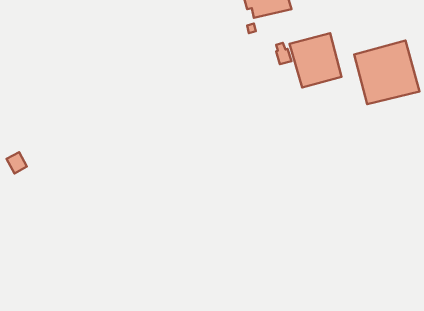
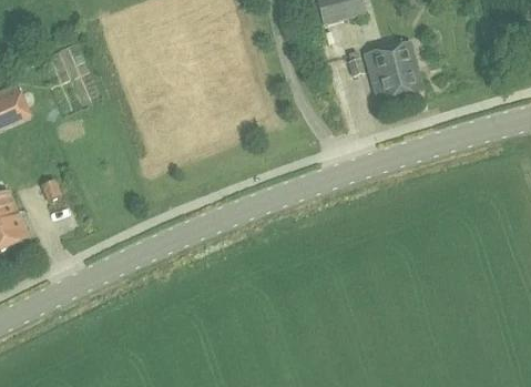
building: [354,41,419,104] -> none

